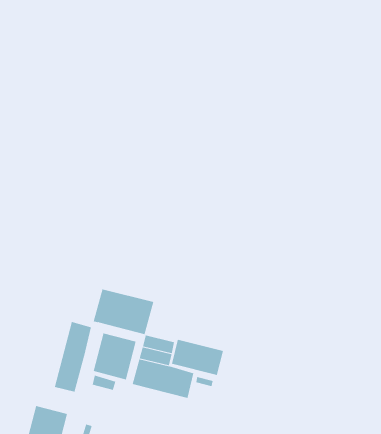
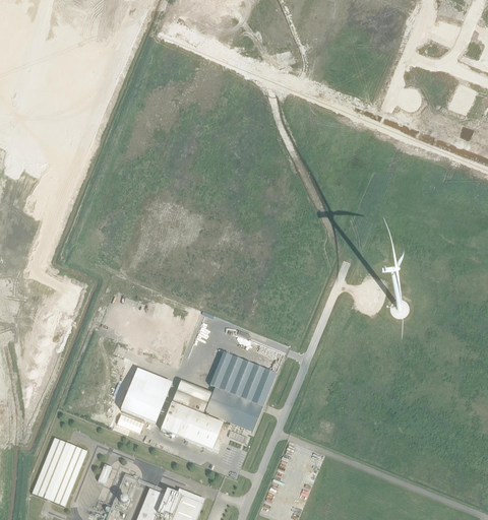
building: [93,289,154,335] -> [208,350,277,405]
building: [54,321,92,392] -> none

